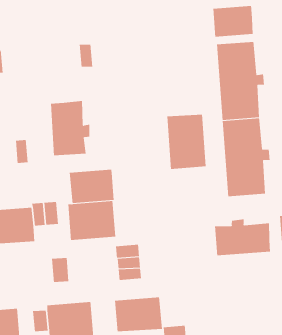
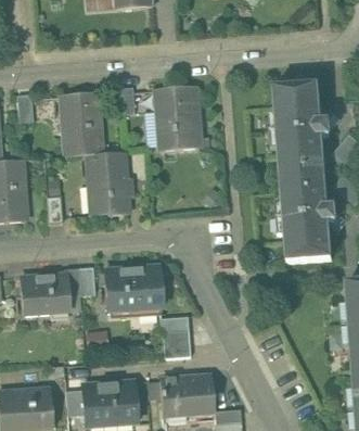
building: [213,5,253,37] -> none
building: none -> [60,92,101,155]
building: [167,114,207,170] -> [155,87,201,150]
building: [69,169,114,204] -> none
building: [215,219,271,256] -> none

